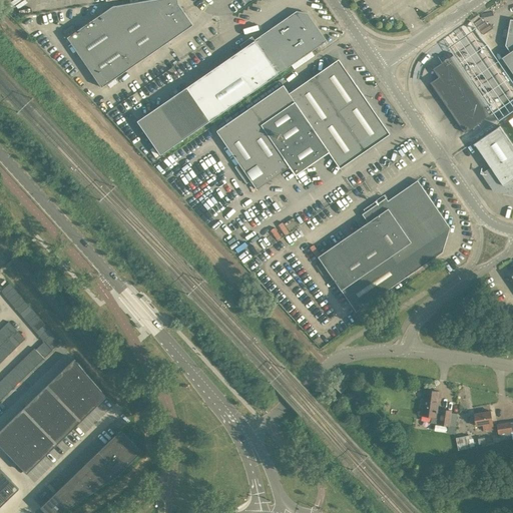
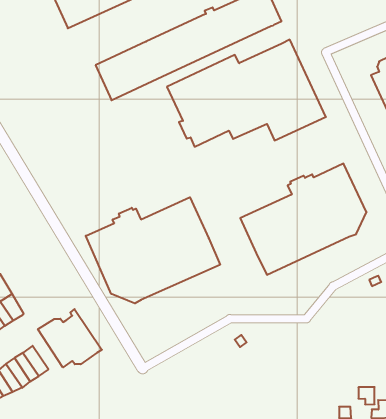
building: none -> [86,197,220,303]
building: none -> [38,309,102,367]
building: [421,390,457,427] -> none

